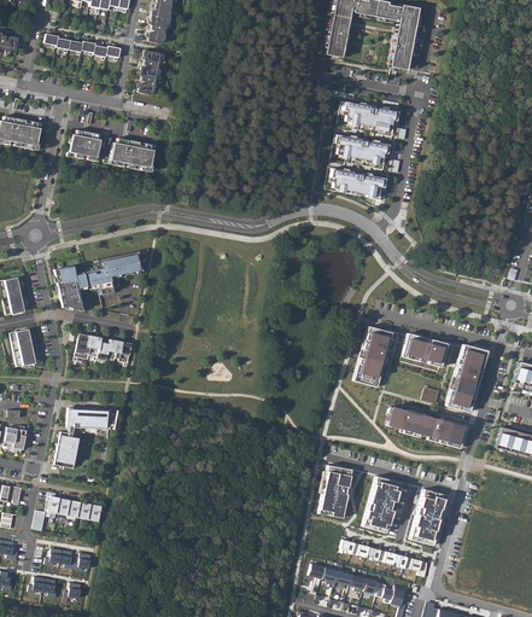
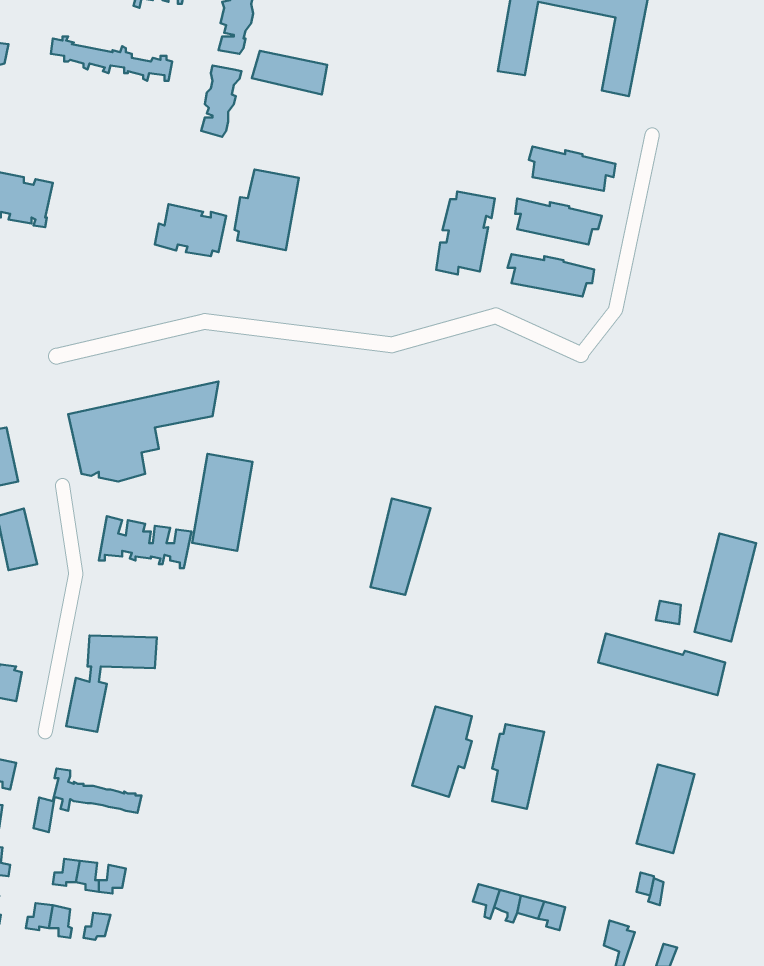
building: none -> [252,51,327,94]
building: none -> [234,170,299,250]
building: [68,129,105,163] -> none
building: none -> [436,192,495,275]
building: none -> [192,454,253,551]
building: [355,326,392,386] -> [371,498,430,595]
building: [402,333,446,367] -> none
building: [363,476,401,532] -> [412,706,472,797]

